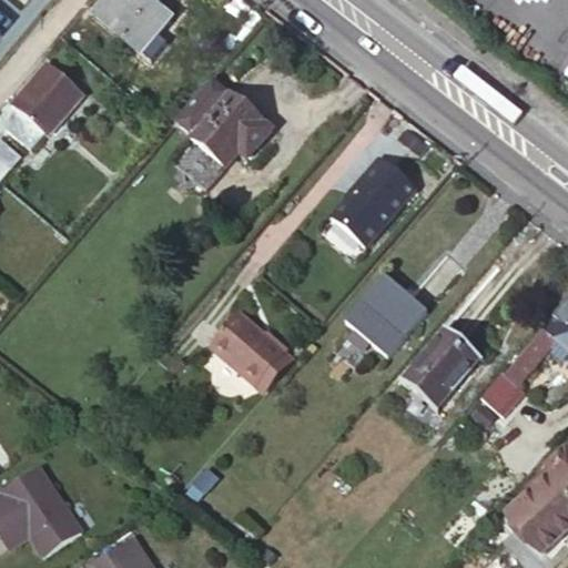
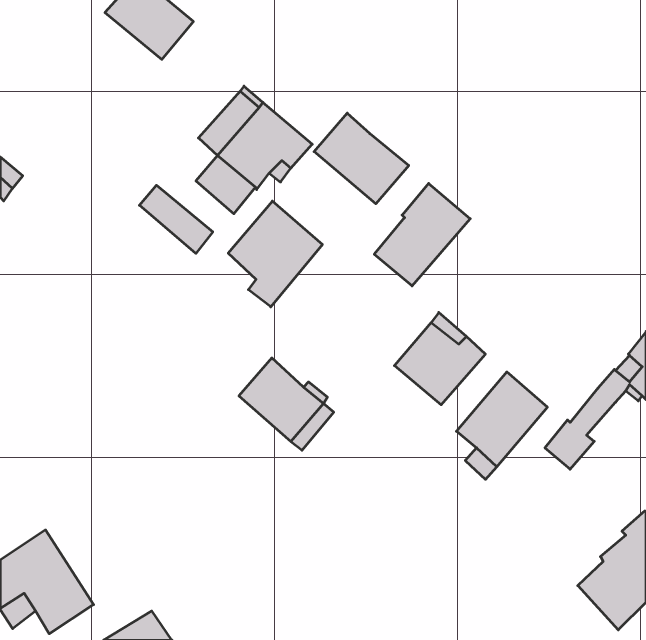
building: [6,62,82,148] -> none
building: none -> [314,113,409,204]
building: none -> [139,185,213,253]
building: none -> [228,201,322,307]

